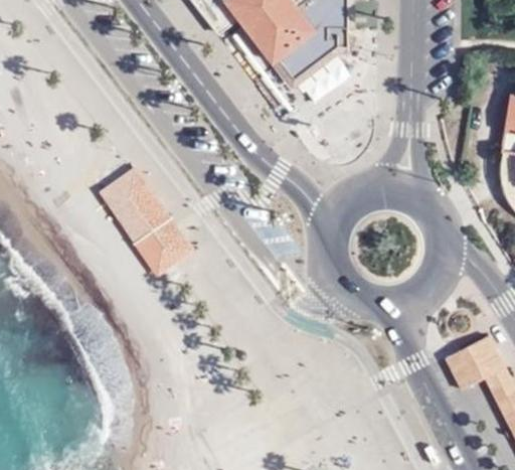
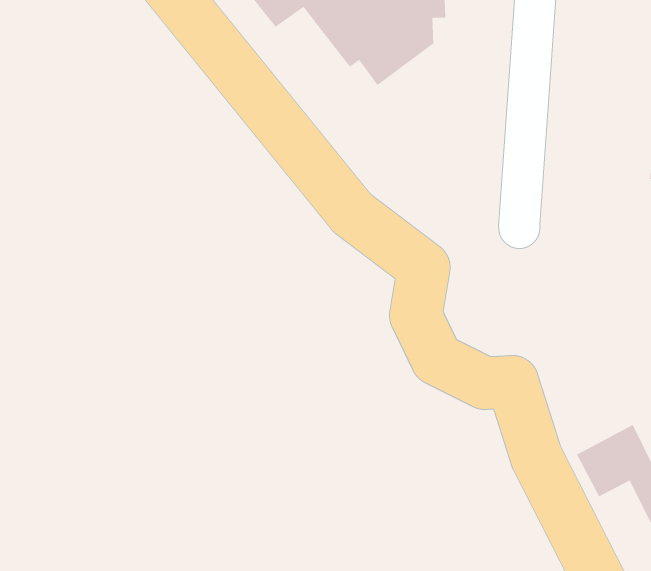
building: [100,167,193,276] -> none

